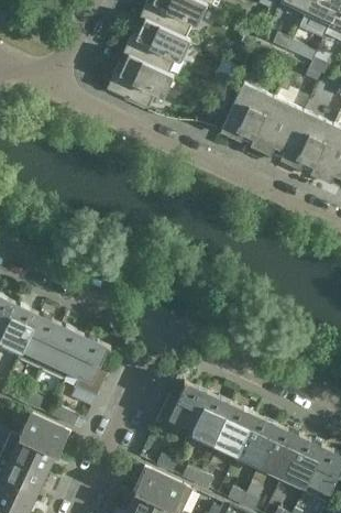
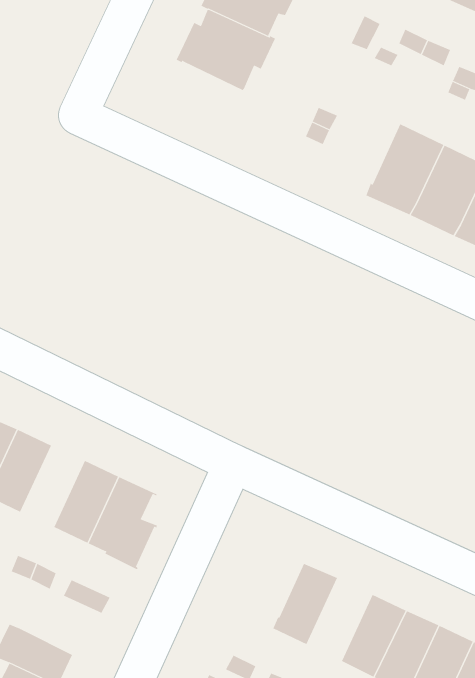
building: [107,54,174,108] -> none
building: [221,81,274,144] -> none
building: [19,313,62,368] -> none
building: [154,380,209,433] -> none
building: [211,402,255,458] -> none
building: [19,413,69,455] -> none

